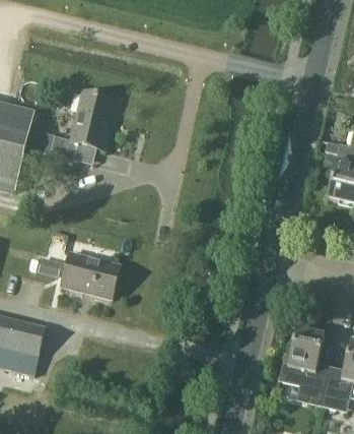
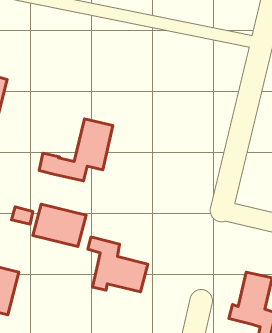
building: [32,92,114,161] -> [39,119,113,181]
building: none -> [88,237,148,292]

